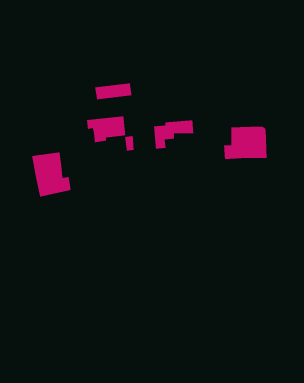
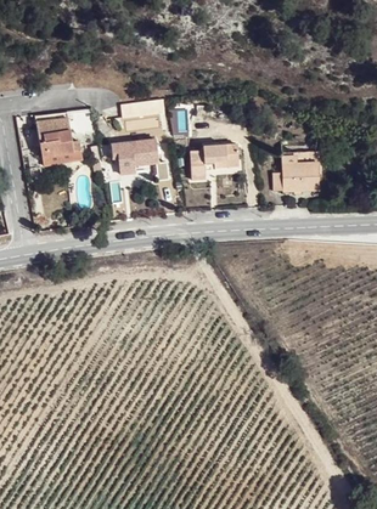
building: [31,151,71,198] -> [34,113,81,168]

